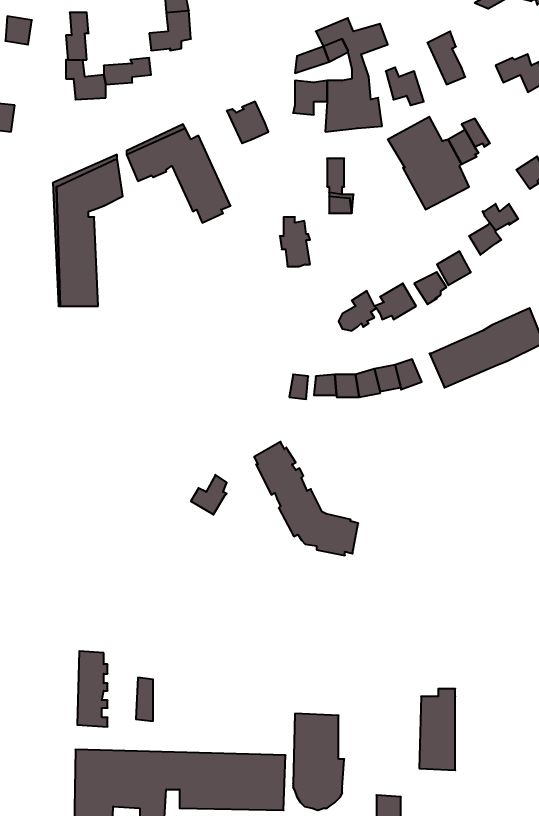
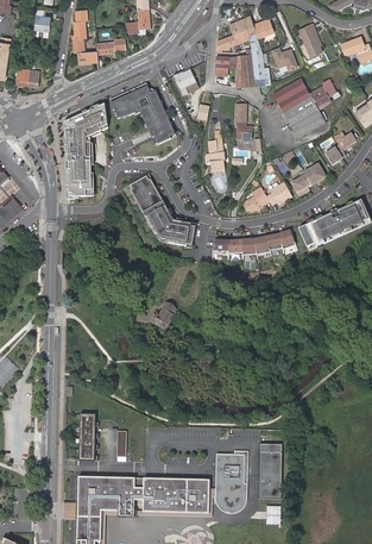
building: [254,442,358,555] -> [128,175,194,246]
building: [419,689,455,770] -> [258,446,280,498]

